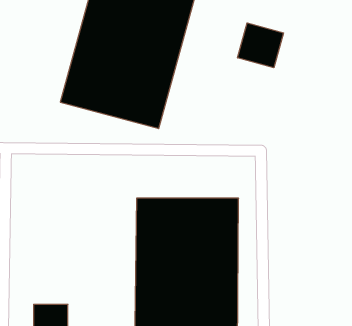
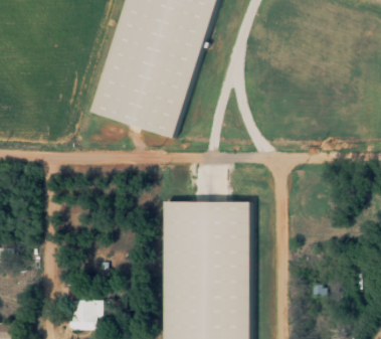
building: [238,23,283,68] -> none

